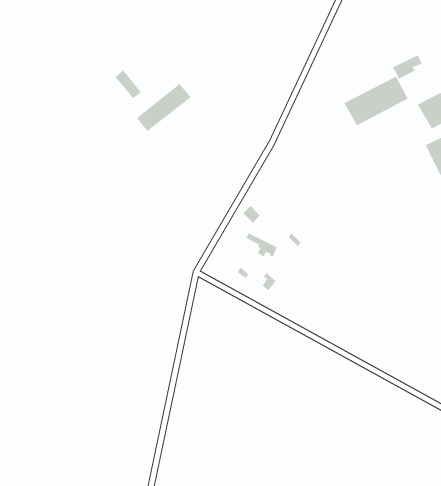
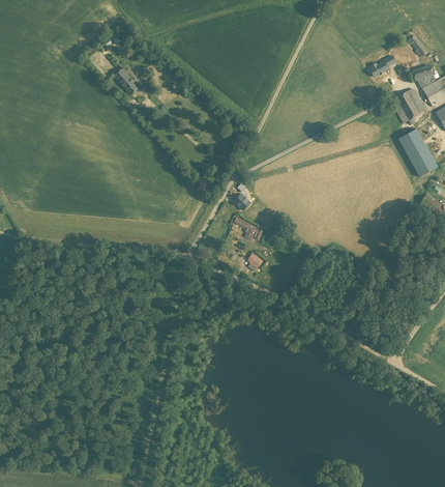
building: [344,76,408,126] -> none
building: [136,83,192,132] -> none

